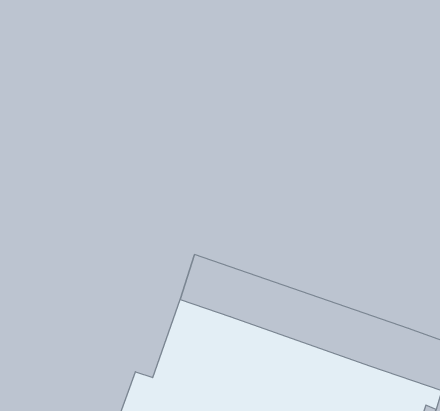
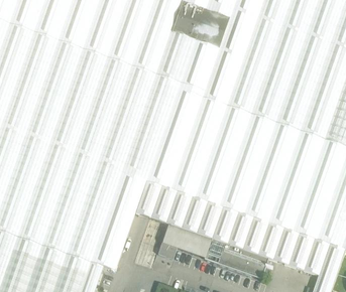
building: none -> [158,223,268,278]

